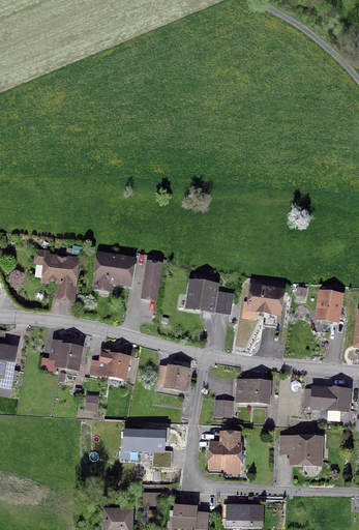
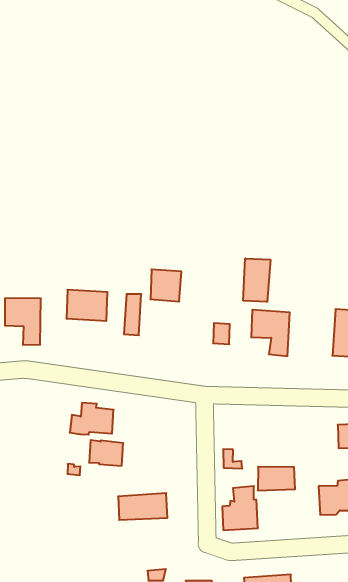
building: none -> [243,258,270,302]
building: [188,281,216,310] -> [150,269,181,302]
building: [50,338,81,369] -> none
building: [157,364,187,388] -> [89,440,123,466]
building: [237,379,269,401] -> [258,467,295,490]

